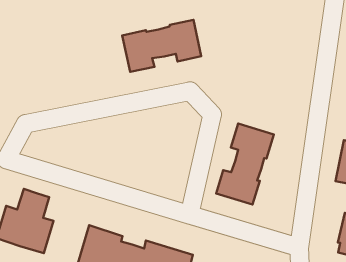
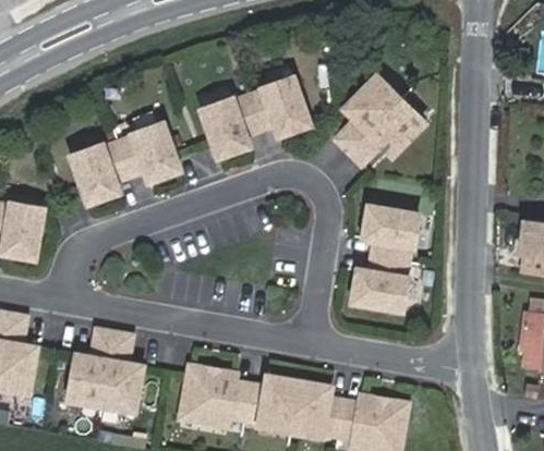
building: none -> [333,80,422,164]
building: none -> [72,123,180,203]

